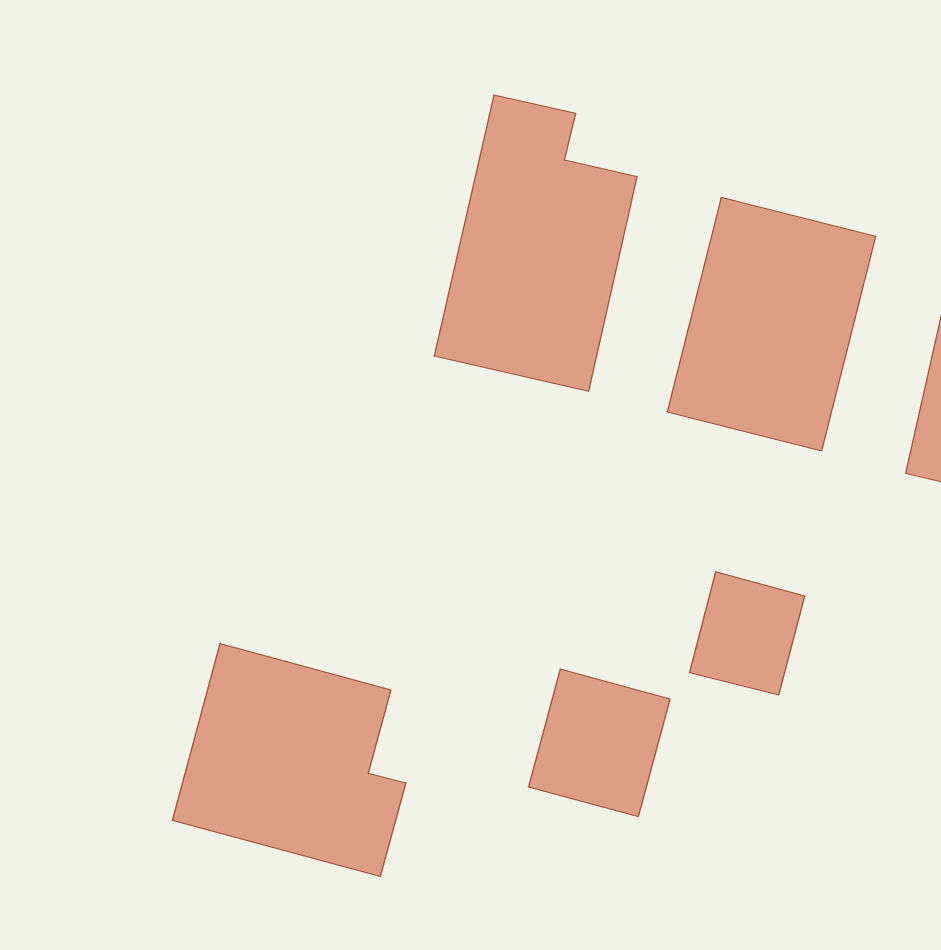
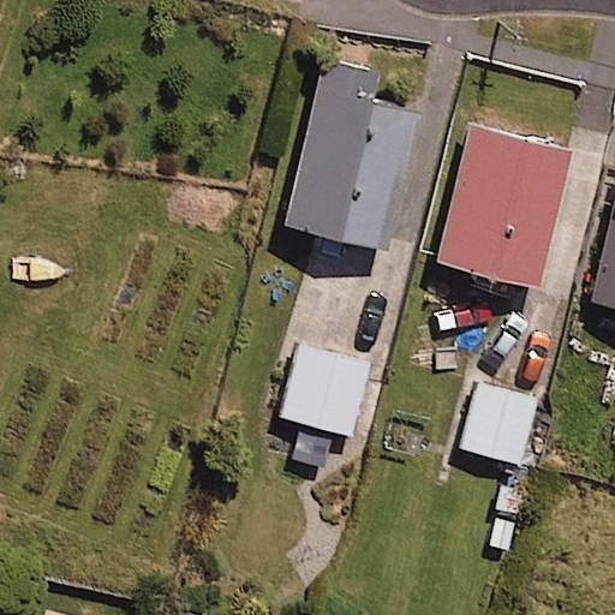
building: [172,643,406,877] -> none
building: [528,669,670,816] -> [267,338,358,432]

